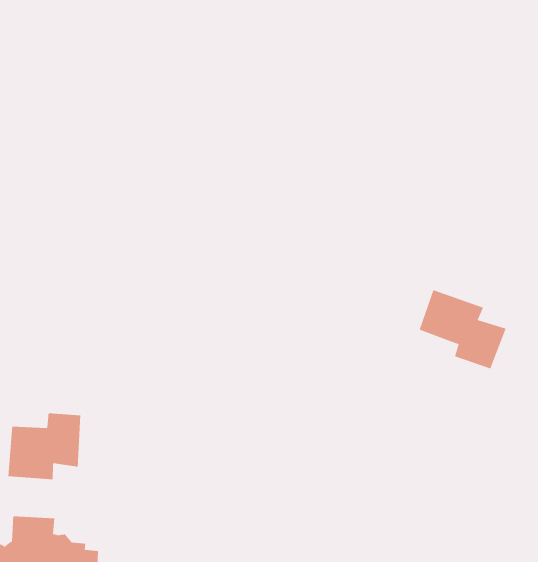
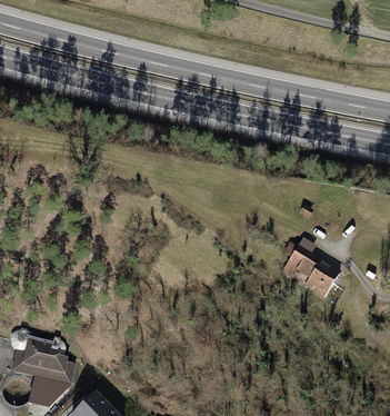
building: [8,412,81,480] -> none

